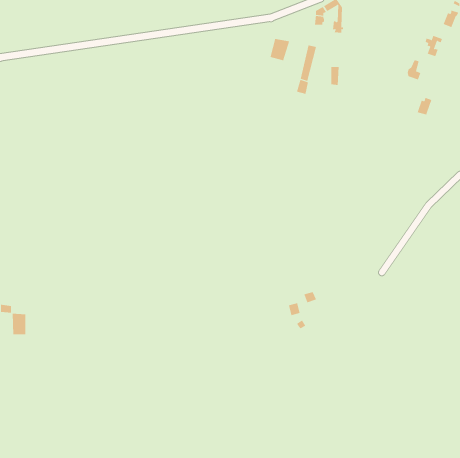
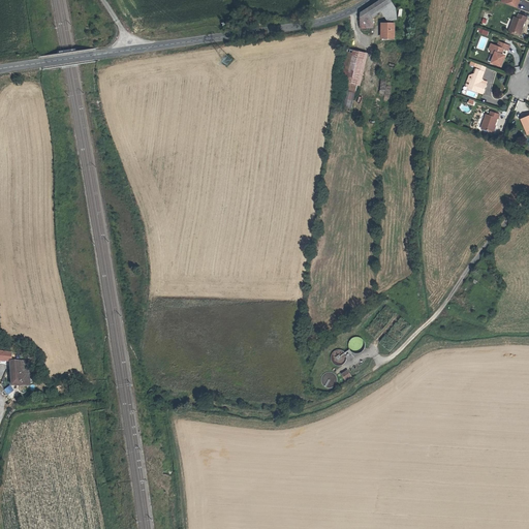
building: [270,38,290,61] -> none

